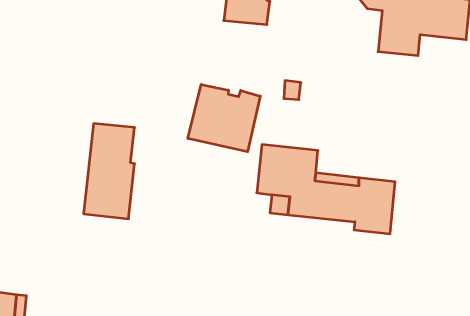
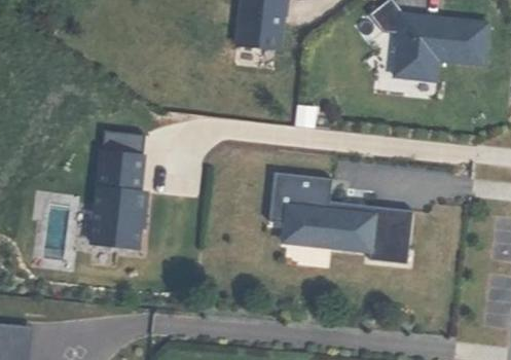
building: [188,84,260,152] -> none
building: none -> [102,131,146,155]

